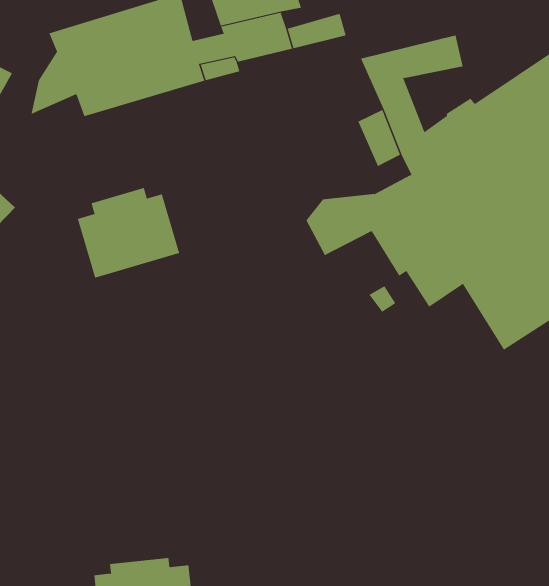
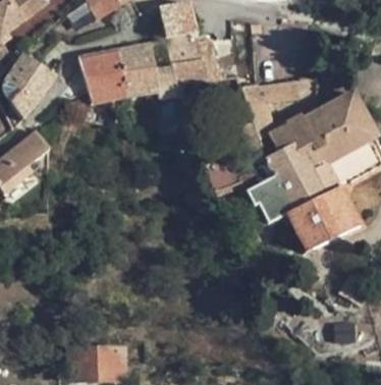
building: [77,187,180,279] -> none

